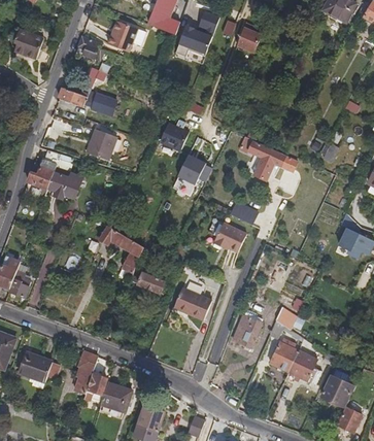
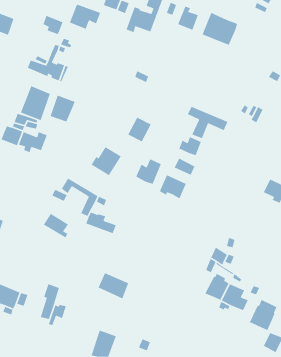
building: none -> [201,12,238,46]
building: none -> [20,85,51,121]
building: [160,122,189,149] -> none
building: none -> [178,136,202,156]
building: none -> [90,146,122,176]
building: none -> [135,158,162,185]
building: none -> [43,213,69,238]
building: [174,287,211,319] -> [98,272,129,299]
building: [232,315,261,347] -> none
building: [100,381,131,416] -> none

